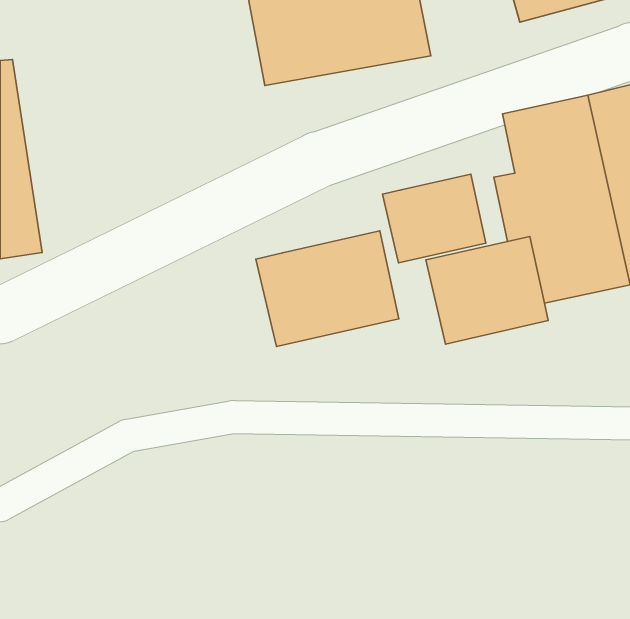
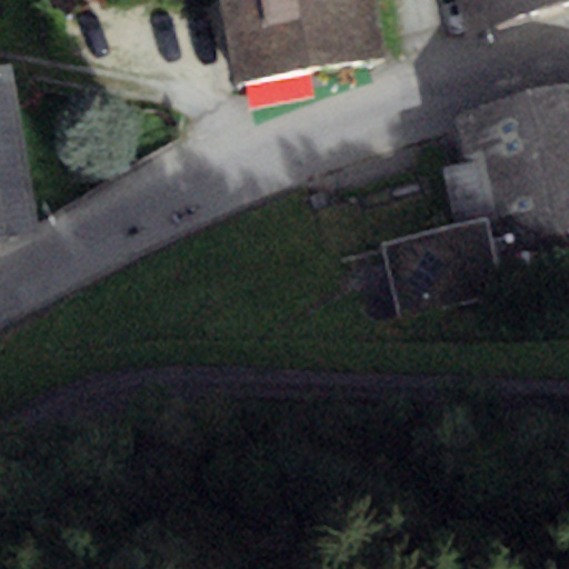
building: [382,174,486,263] -> none
building: [256,231,399,346] -> none

